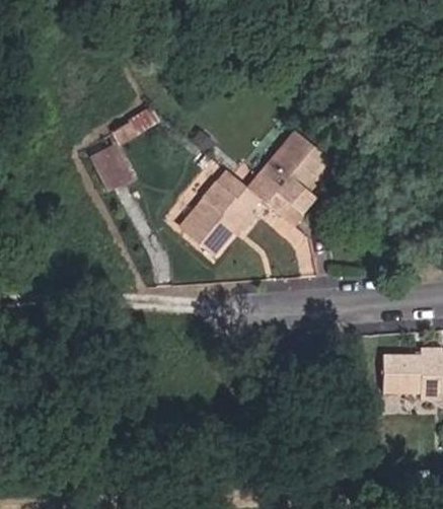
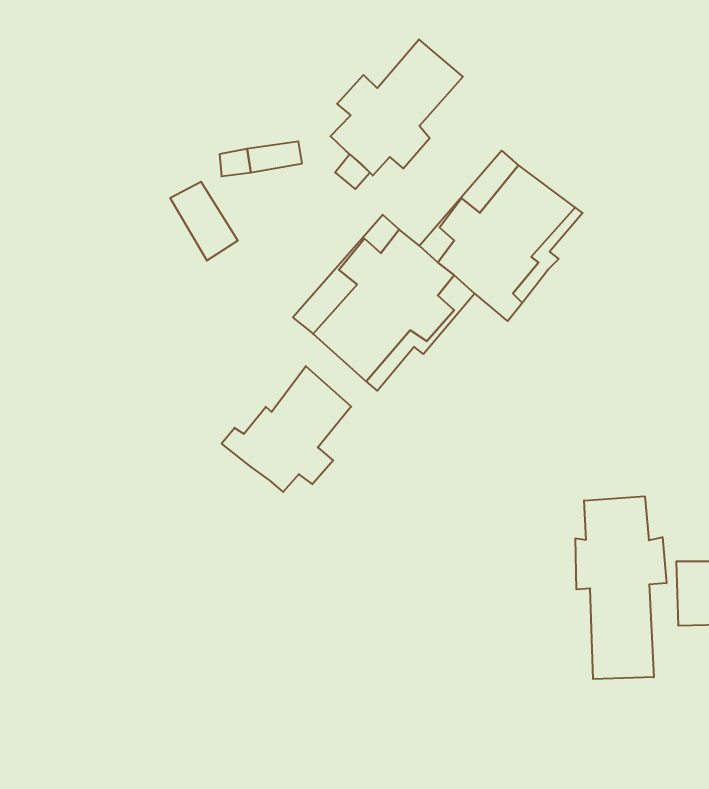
building: none -> [330,39,463,176]
building: none -> [222,366,351,492]
building: none -> [576,496,666,679]

